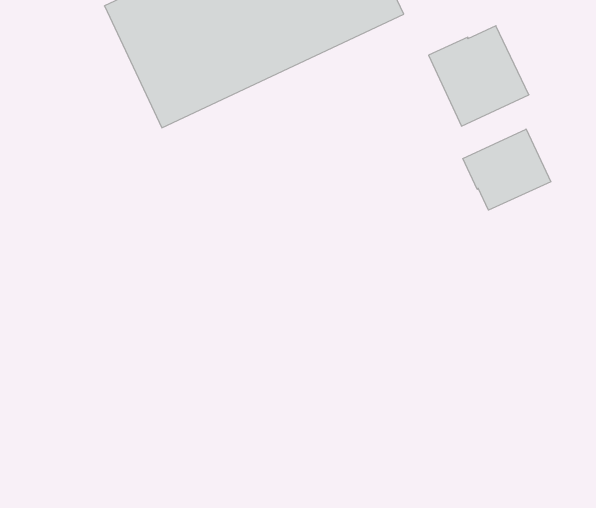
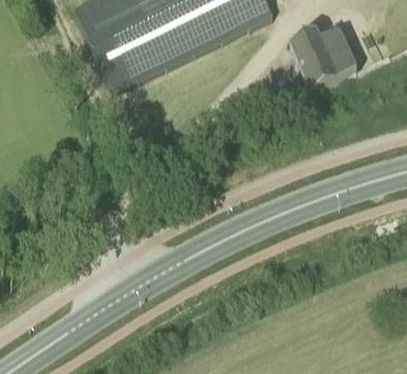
building: [463,129,551,210] -> none

